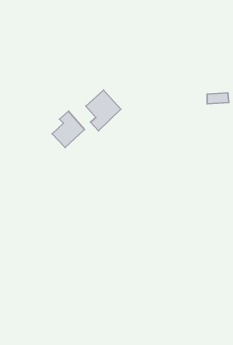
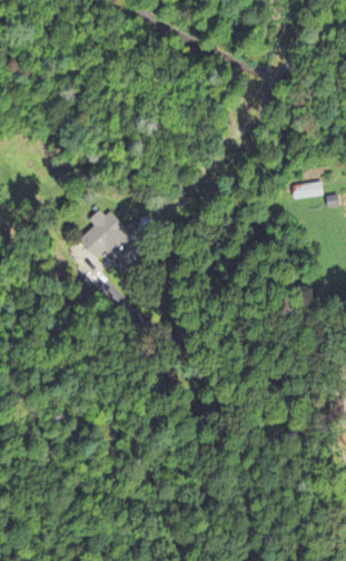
building: [86,90,121,131] -> none

